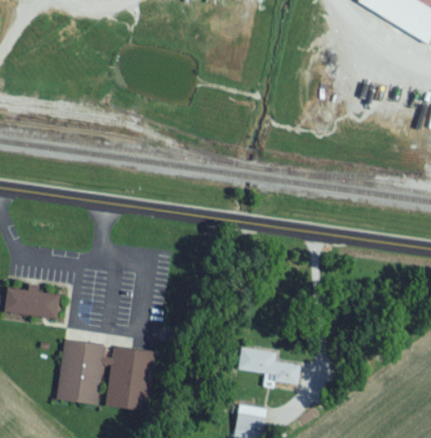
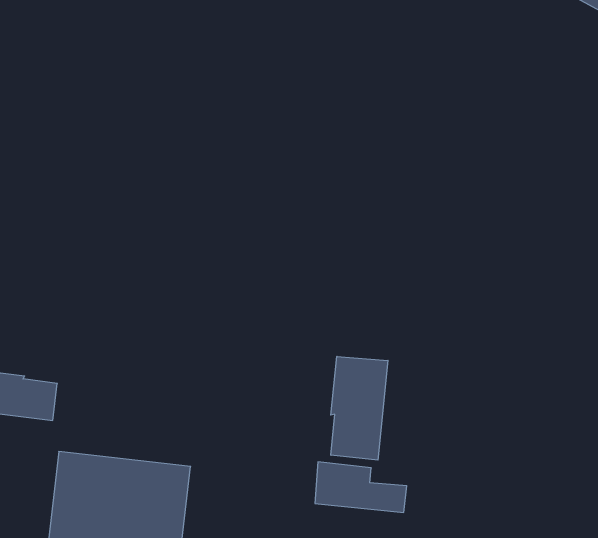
building: none -> [331,356,388,460]

